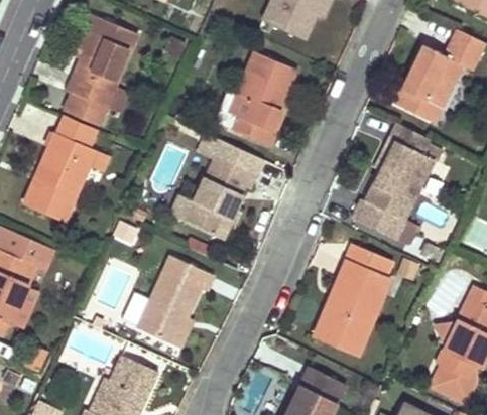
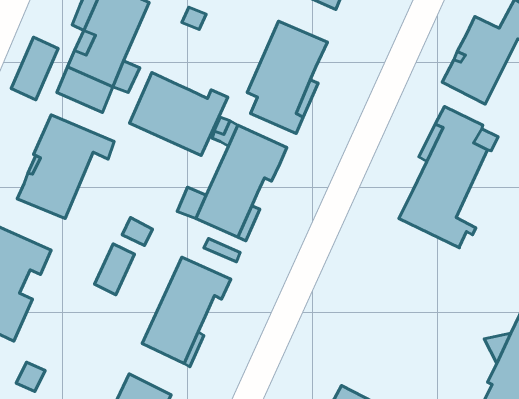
building: none -> [11,37,58,100]
building: none -> [129,72,228,155]
building: none -> [94,244,135,295]
building: [320,247,393,354] -> none

